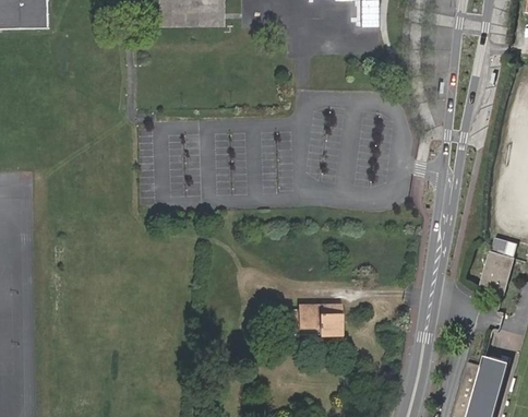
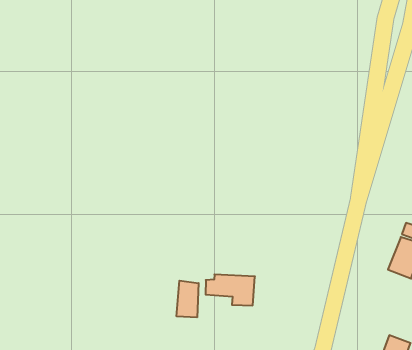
building: none -> [177,281,199,317]

